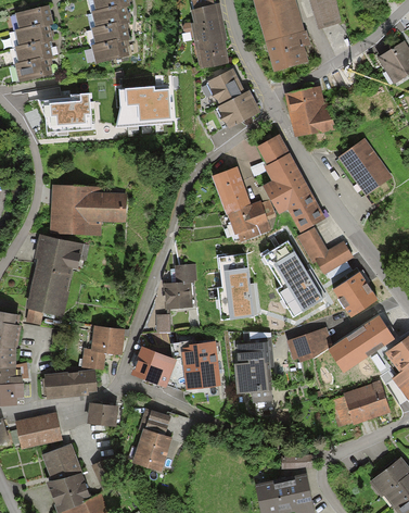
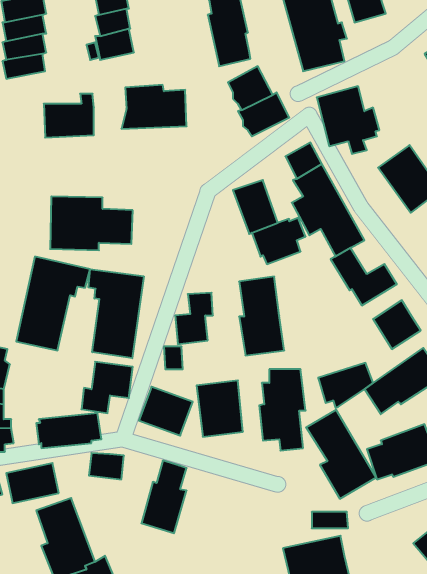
building: [264,240,324,317] -> [306,410,376,499]
building: none -> [88,269,144,358]

